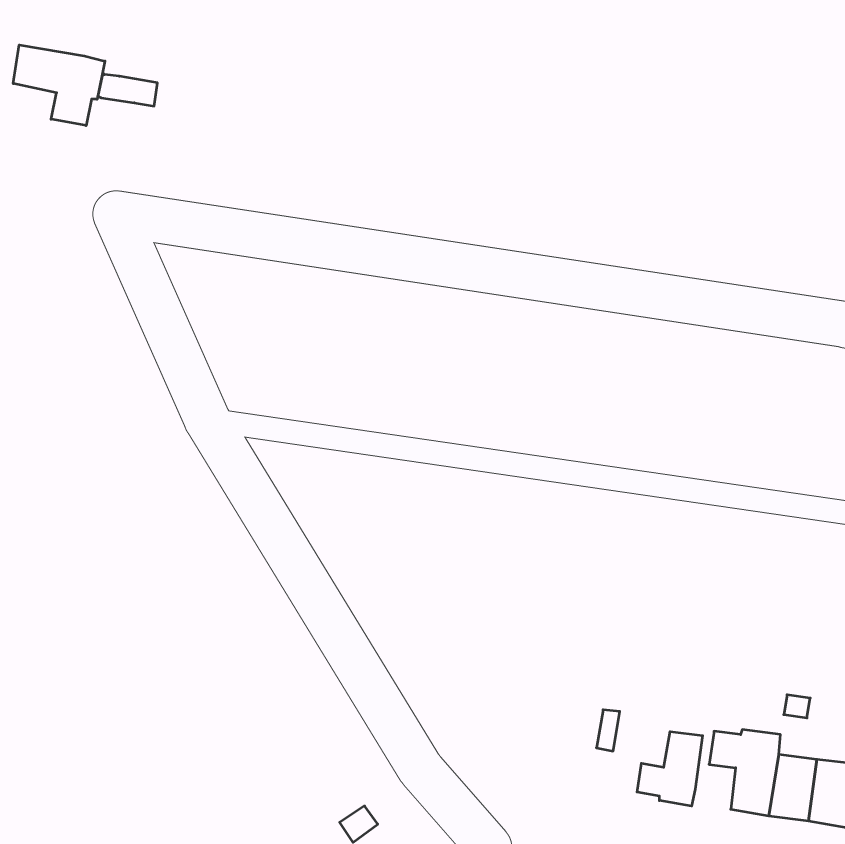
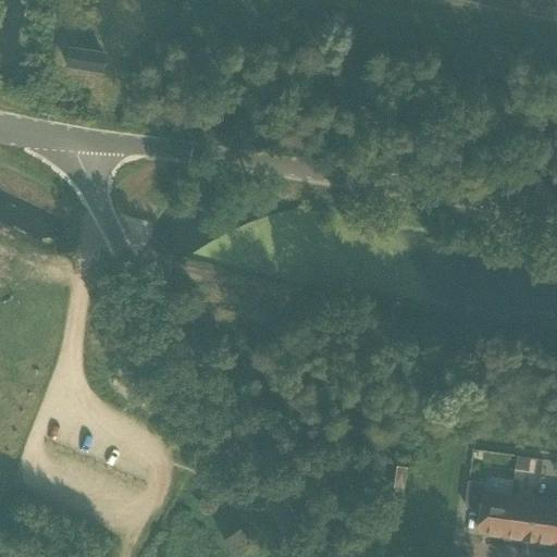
building: [13,45,105,126] -> none
building: [637,732,703,806] -> none

